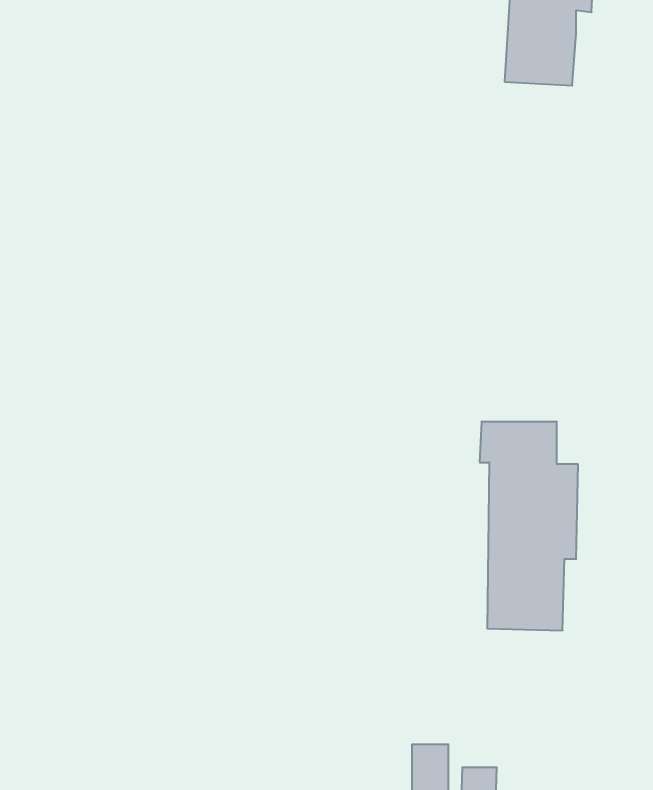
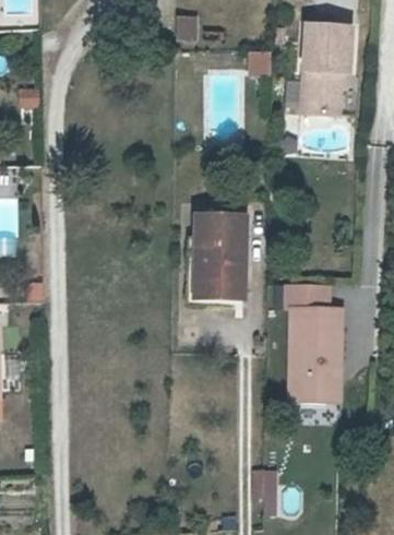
building: none -> [200,213,247,297]

